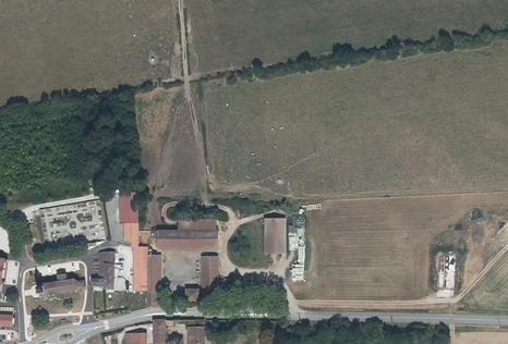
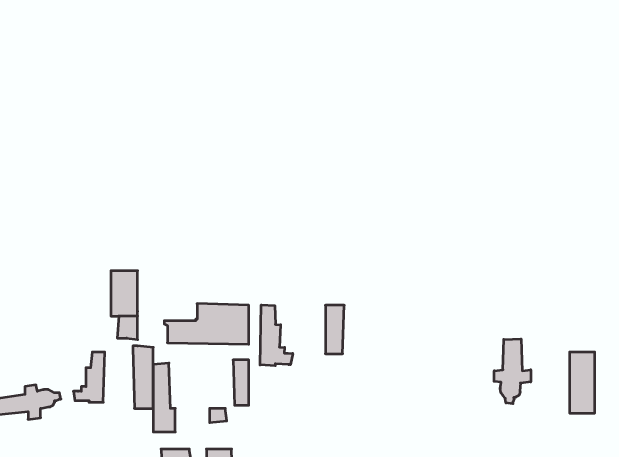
building: none -> [260,305,293,366]
building: none -> [494,339,531,404]

